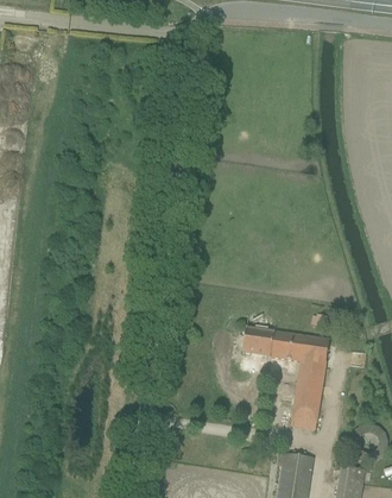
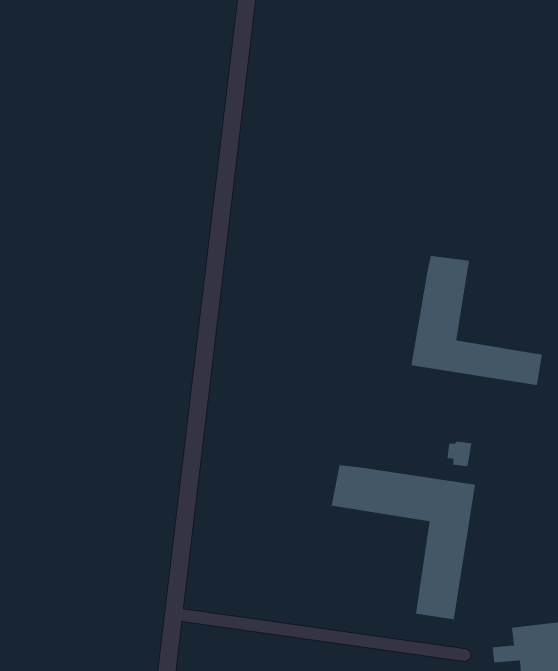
building: none -> [411,255,542,386]

